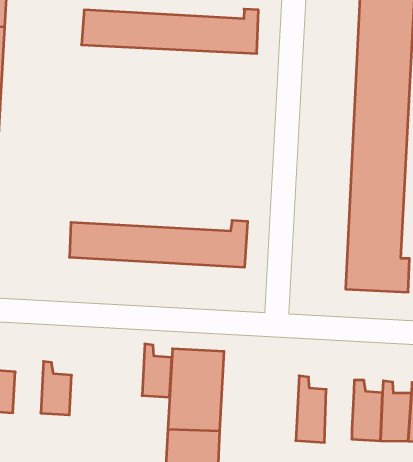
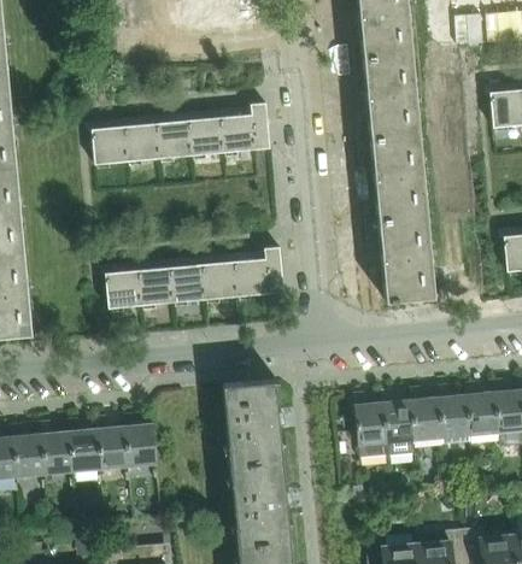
building: [81,9,258,53] -> [93,104,271,164]
building: [142,344,172,397] -> [125,413,158,465]
building: none -> [69,418,101,471]
building: none -> [382,390,415,456]

